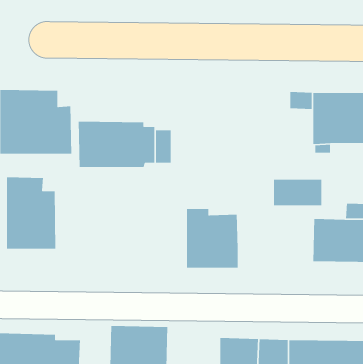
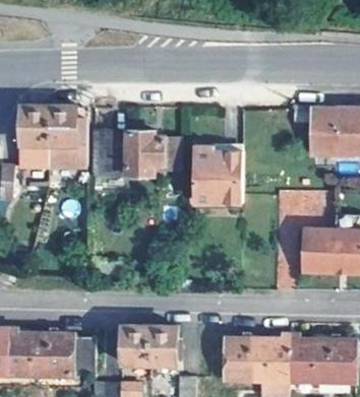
building: [6,176,56,249] -> none
building: [186,208,239,268] -> [193,150,242,206]

